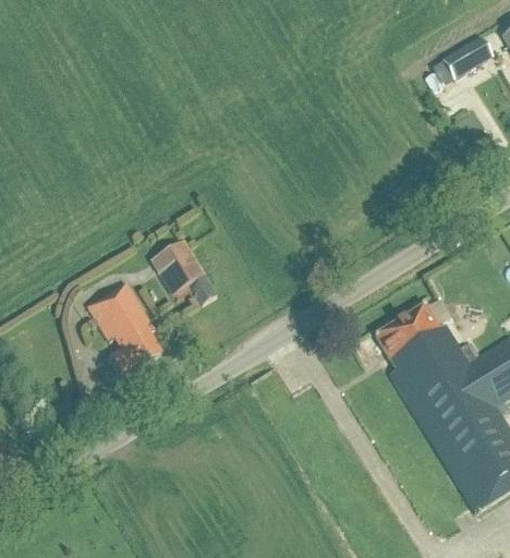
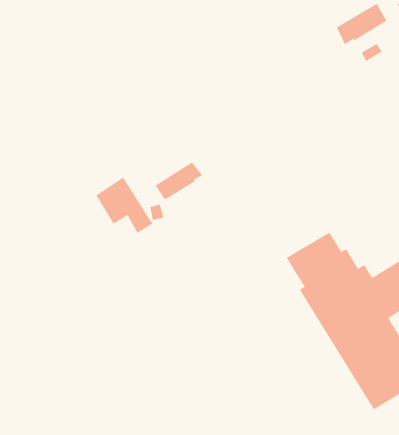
building: none -> [155,162,203,200]
building: [88,282,163,376] -> none

